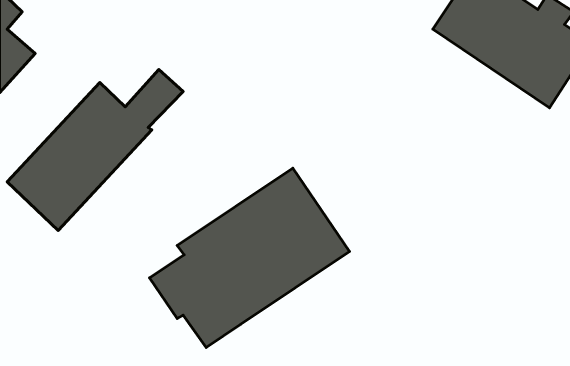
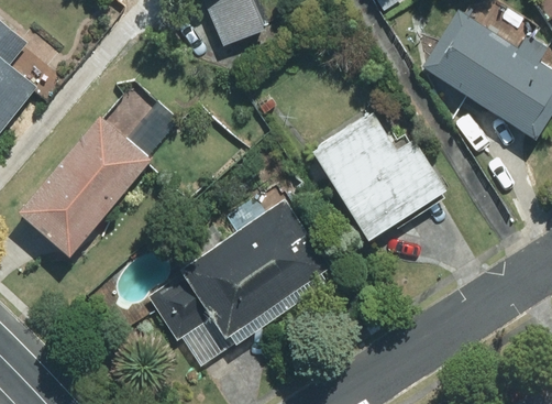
building: none -> [308,112,446,241]

